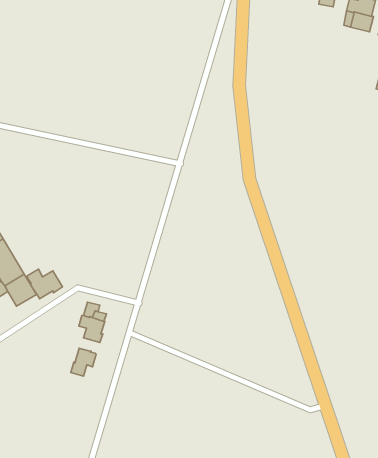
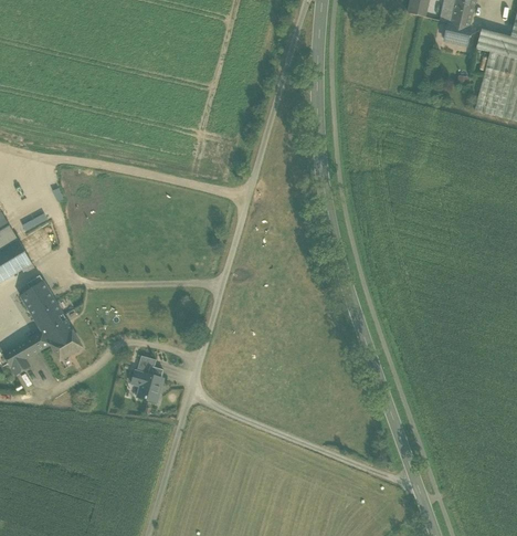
building: [27,269,63,299] -> none
building: [71,348,96,376] -> none

